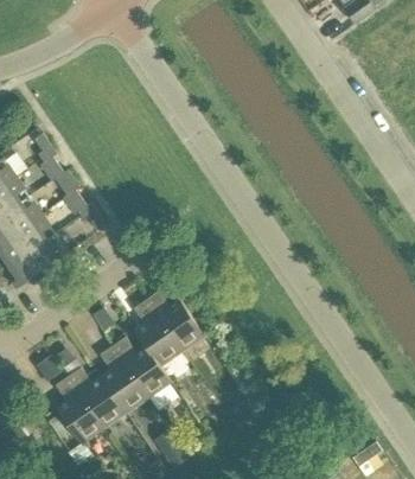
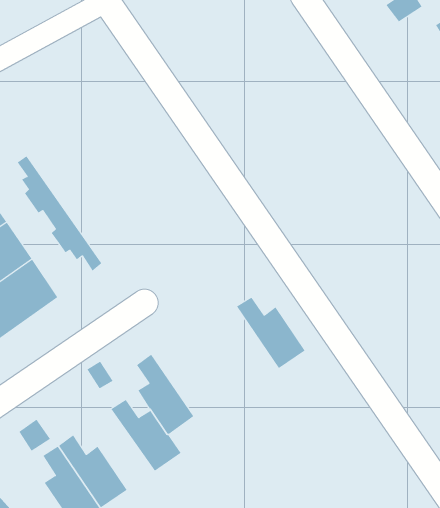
building: [146,292,204,352] -> [236,297,306,369]
building: [100,346,148,414] -> none

